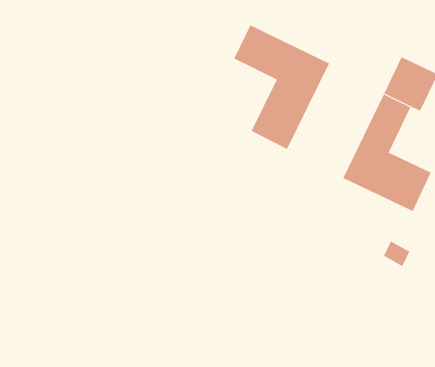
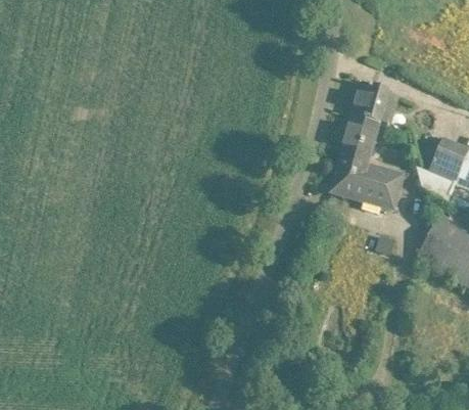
building: [234,24,330,150] -> none

